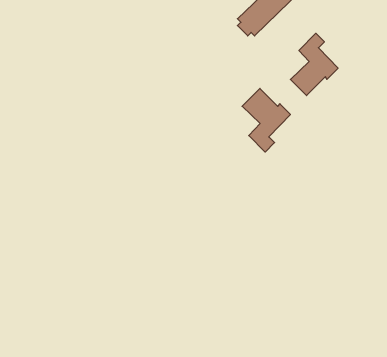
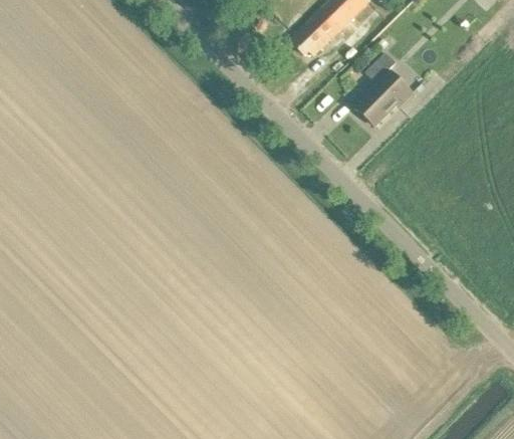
building: [242,88,290,152] -> none

